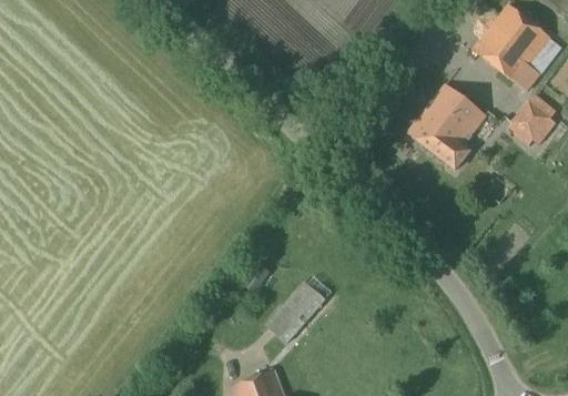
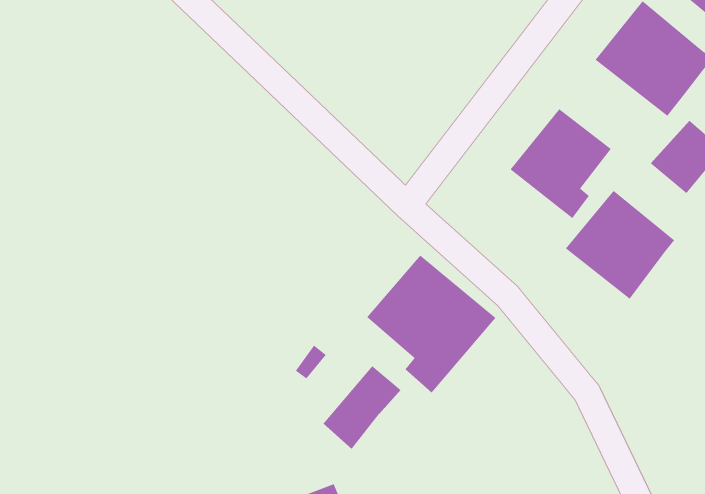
building: none -> [565,190,675,300]
building: none -> [366,255,496,394]

